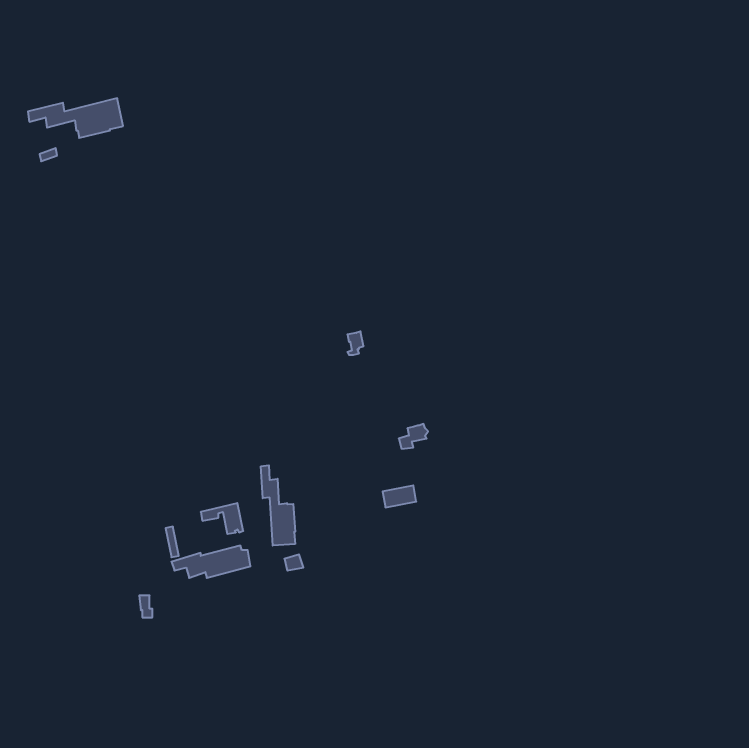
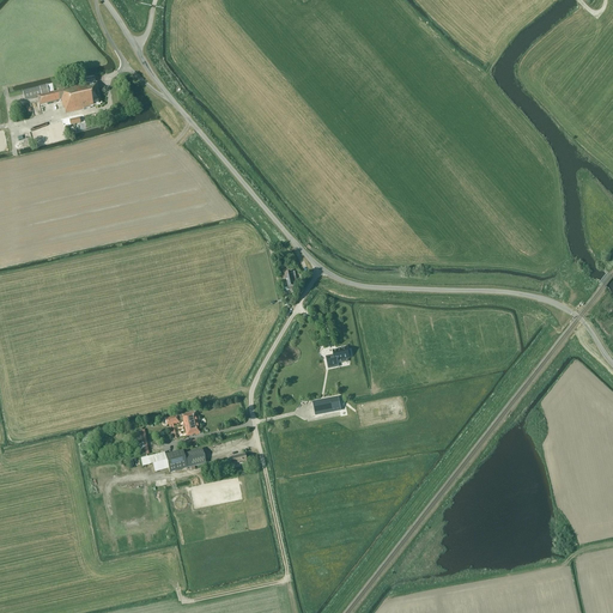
building: [261,465,295,546] -> none

